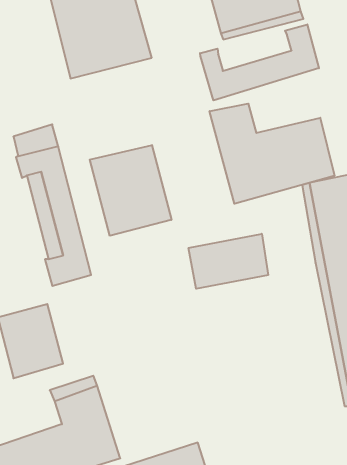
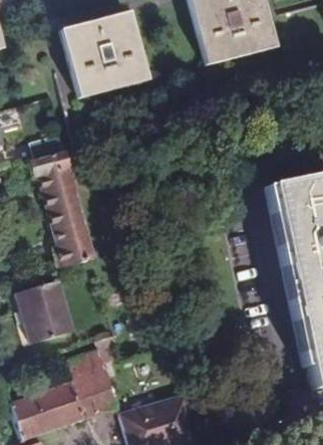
building: [200,24,319,100] -> none
building: [210,104,334,204] -> none
building: [90,145,171,236] -> none
building: [189,234,268,289] -> none

